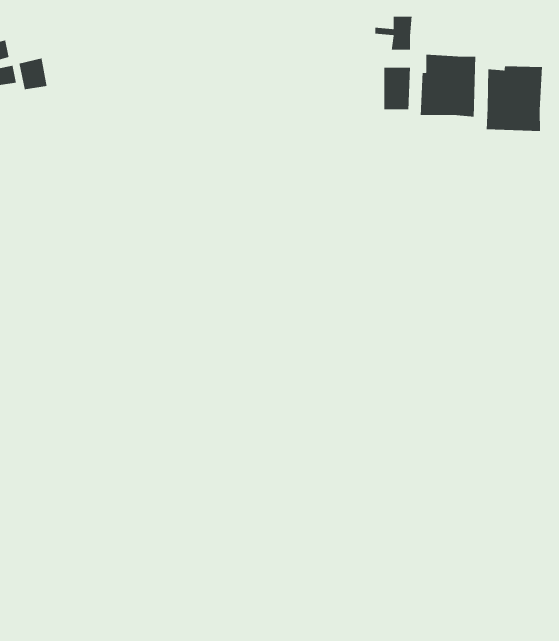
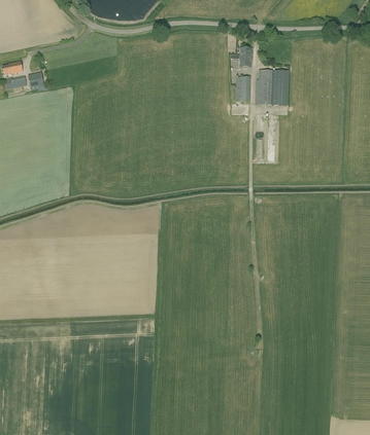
building: [486,66,543,132] -> none

